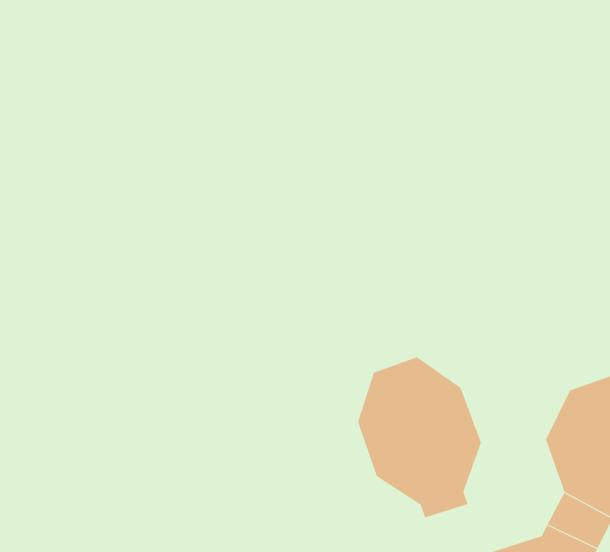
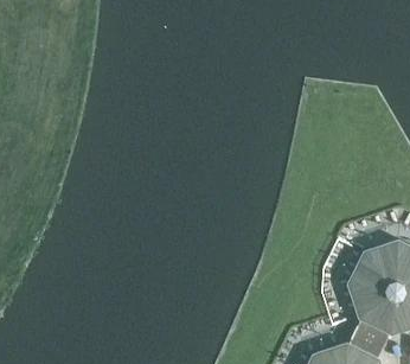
building: [358,356,481,518] -> none

